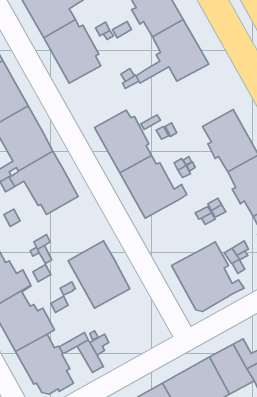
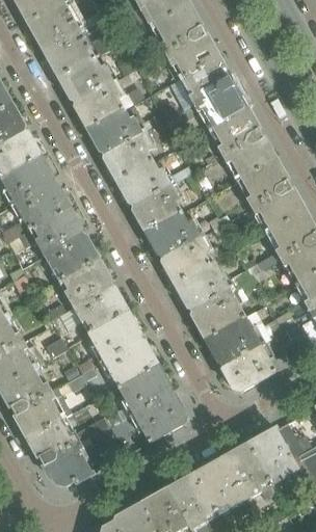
building: none -> [211,107,275,179]
building: none -> [87,109,153,180]
building: none -> [61,259,127,330]
building: none -> [175,262,244,338]
building: none -> [116,365,186,442]

